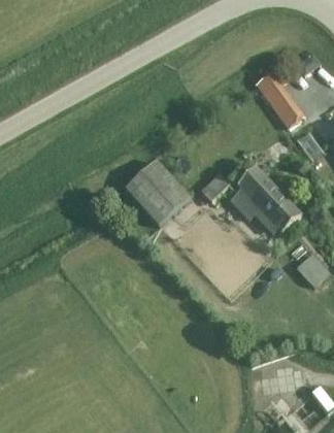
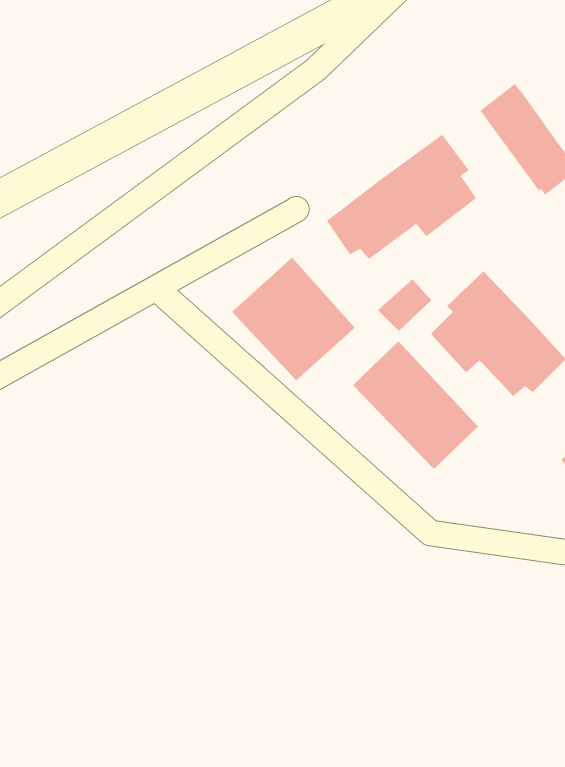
building: none -> [326,134,477,260]
building: none -> [352,341,479,470]

